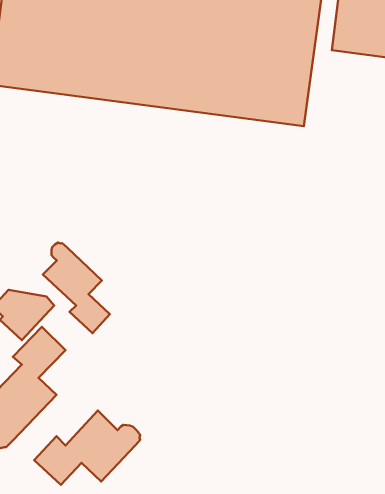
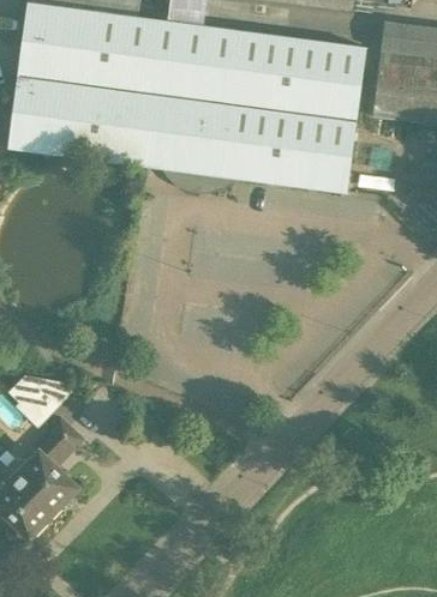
building: [43,243,110,333] -> none
building: [34,410,140,485] -> none

